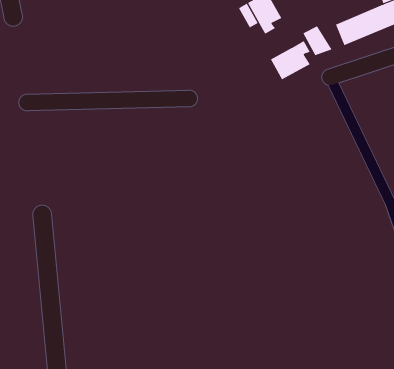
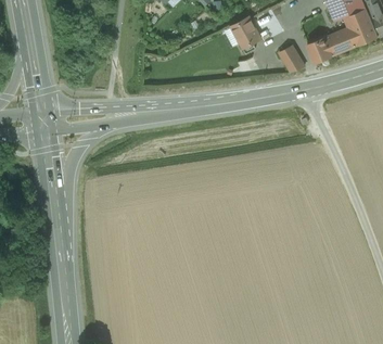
building: [270,40,311,80] -> none

